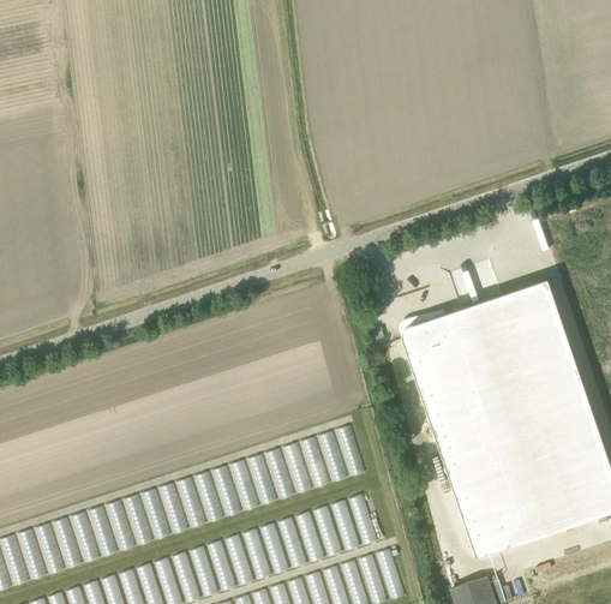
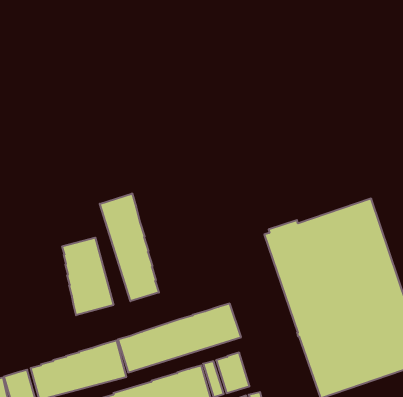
building: none -> [100,193,159,301]
building: none -> [62,238,113,315]

